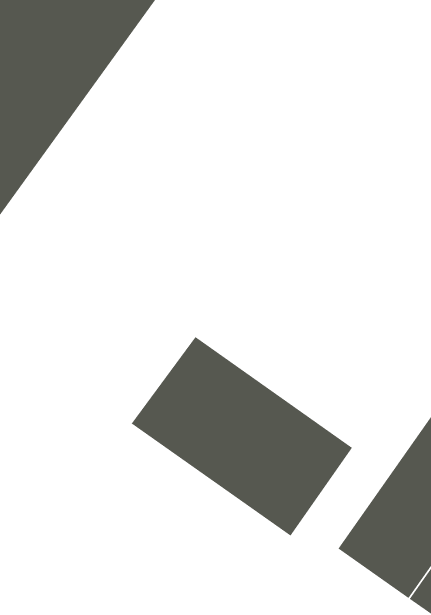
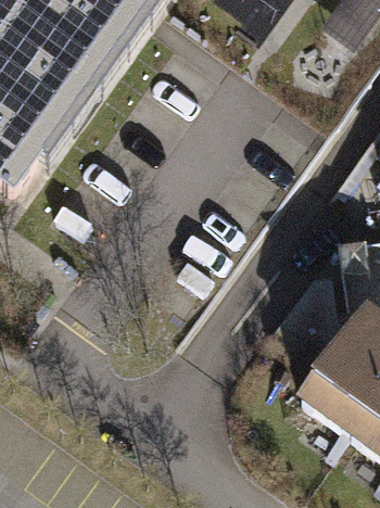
building: [131,336,353,536] -> none

